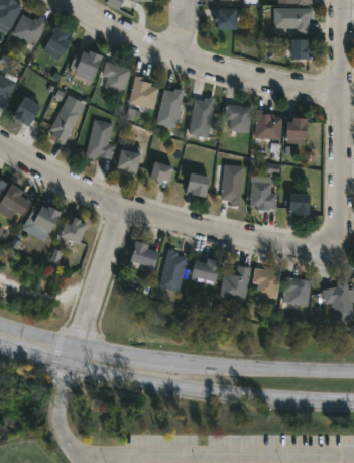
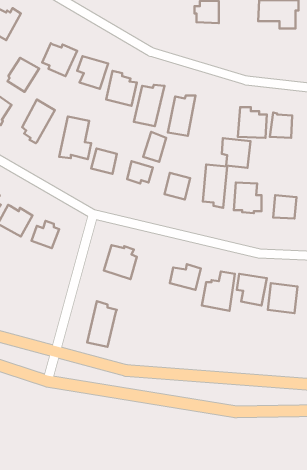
building: [42,27,73,60] -> [7,58,39,92]
building: [281,39,312,60] -> none
building: [225,105,252,133] -> [222,138,251,168]
building: none -> [143,132,166,162]
building: [159,249,188,293] -> [87,301,117,347]

